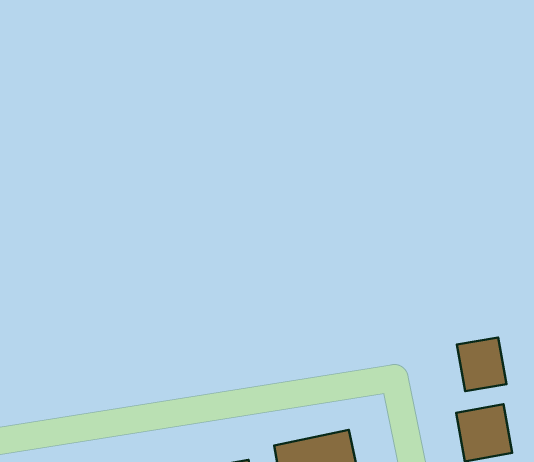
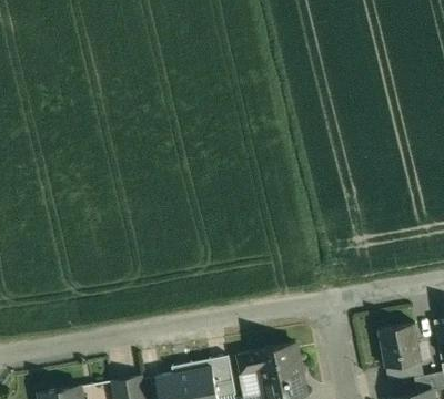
building: [457,337,506,391] -> none

